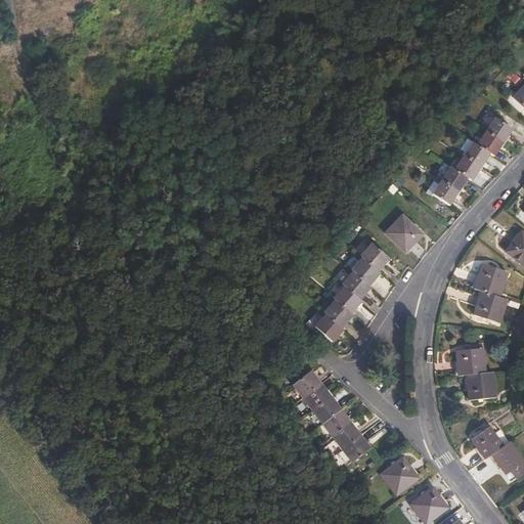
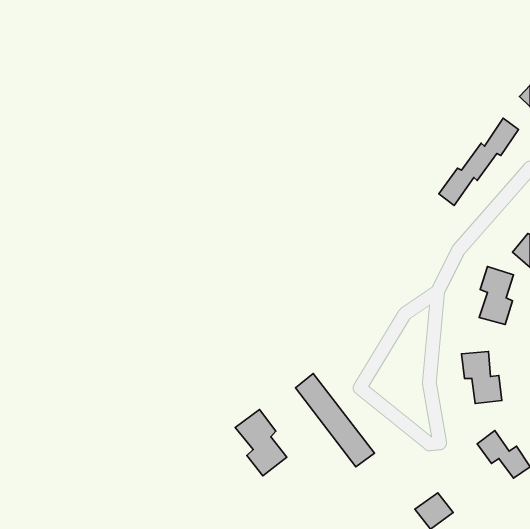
building: [385,213,422,251] -> none
building: [314,242,388,340] -> none
building: none -> [235,410,287,476]
building: [381,456,418,492] -> none

